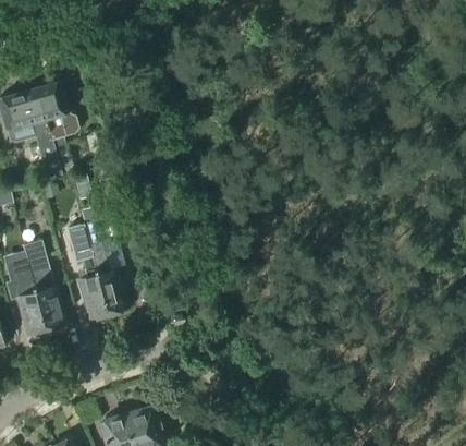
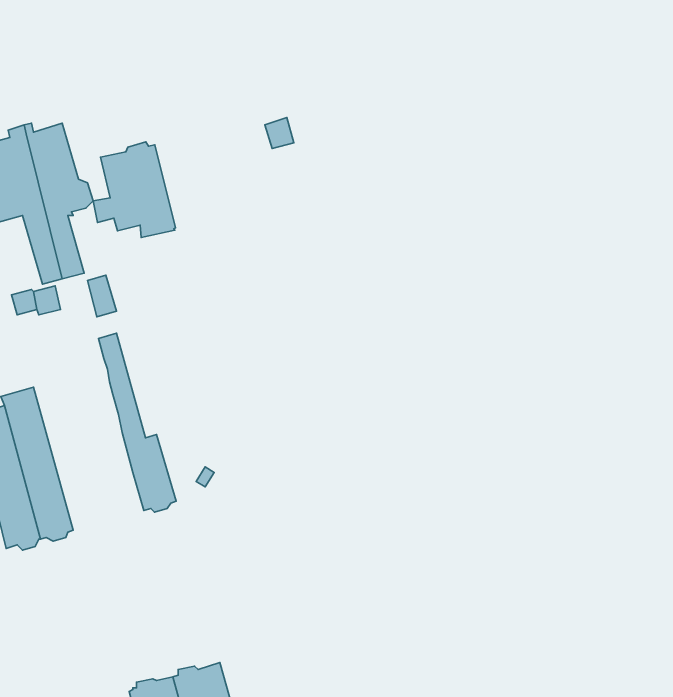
building: none -> [93,142,176,237]
building: [65,222,108,321] -> none

